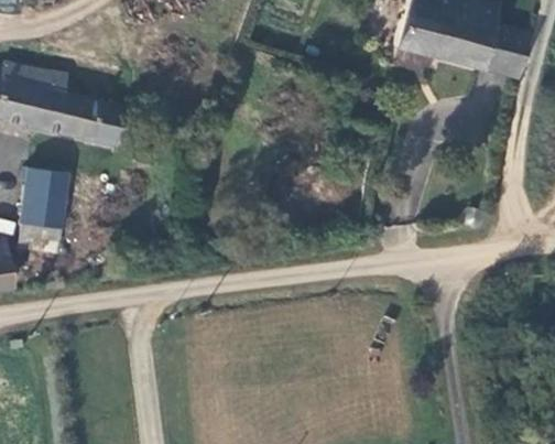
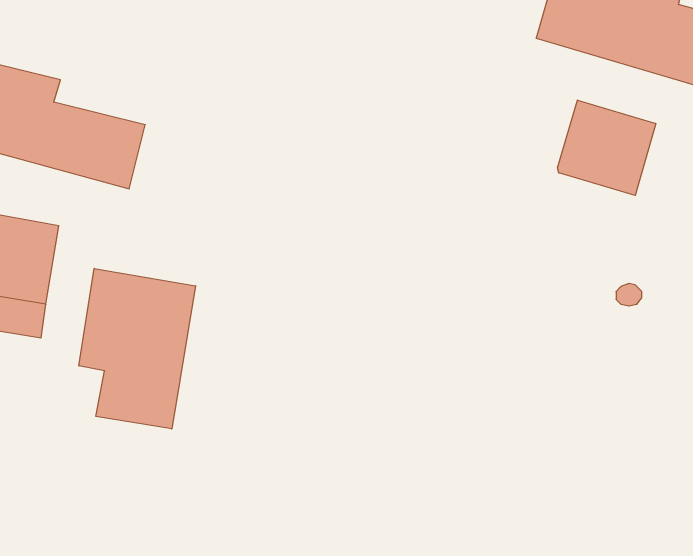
building: none -> [557,100,656,195]
building: none -> [79,268,196,429]

